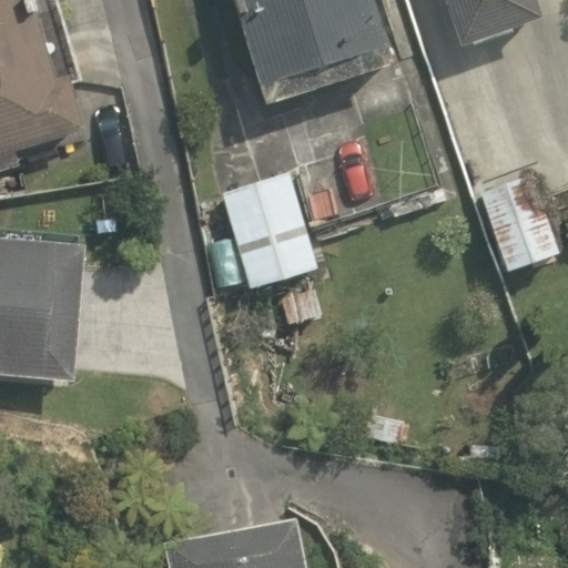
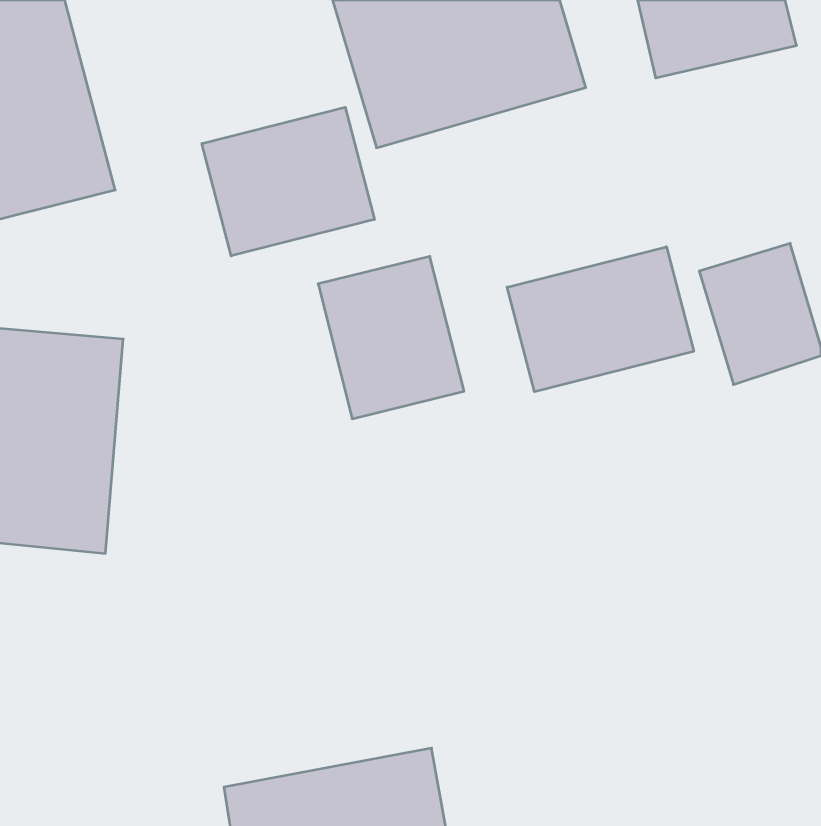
building: none -> [202,107,374,256]
building: none -> [507,247,694,392]

